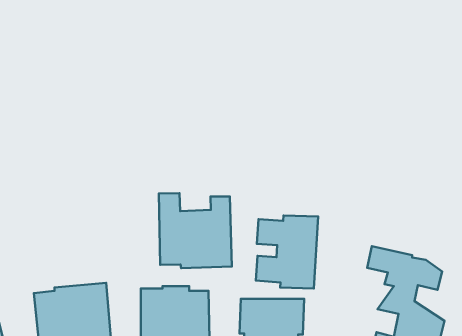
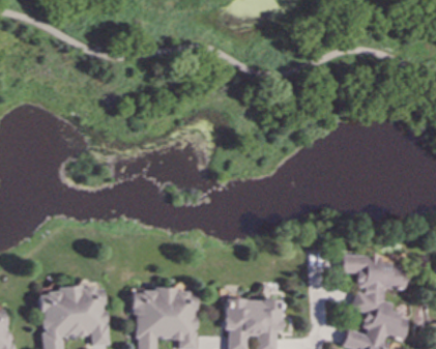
building: [159,193,232,268] -> none
building: [256,216,318,289] -> none

